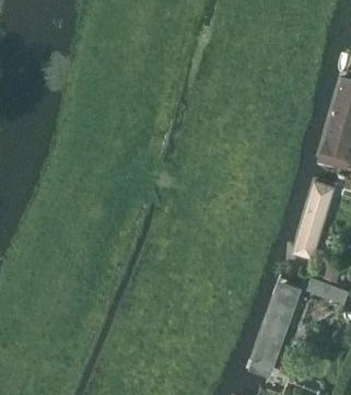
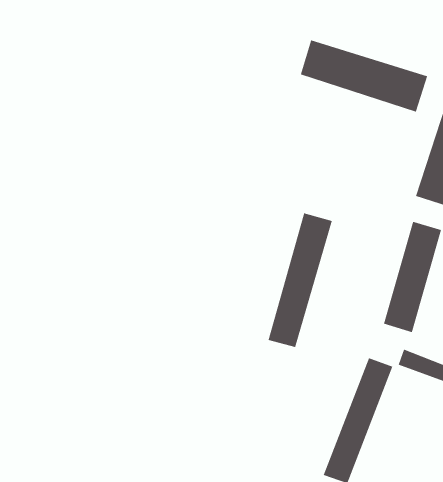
building: none -> [300,40,428,113]
building: none -> [268,212,332,348]

